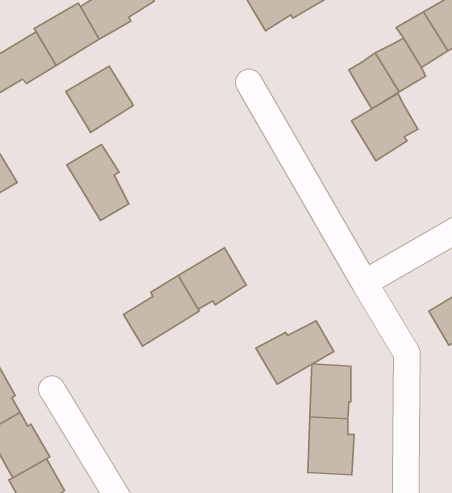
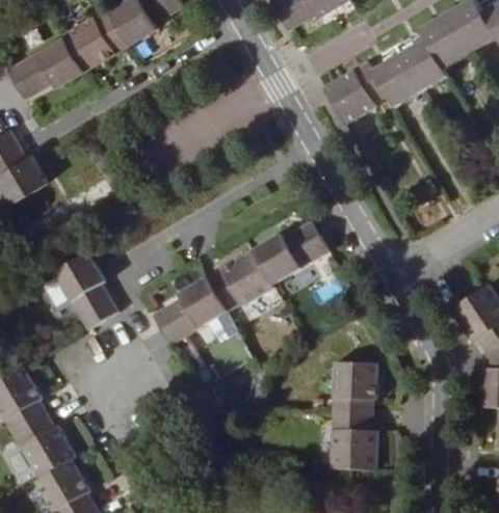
building: [66,66,133,133] -> none
building: [352,93,418,161] -> [322,62,388,129]
building: [67,145,129,221] -> [52,252,113,327]
building: [256,321,334,384] -> [251,221,327,284]

